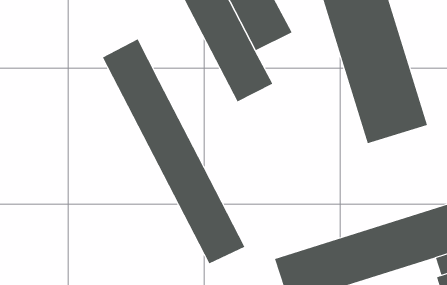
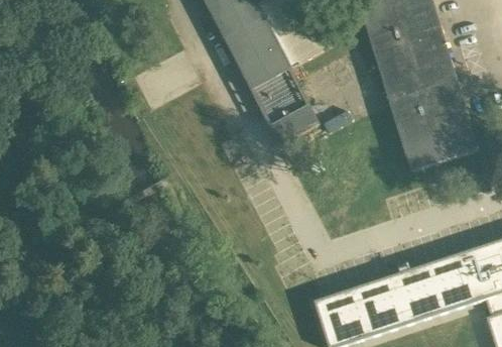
building: [102,38,245,264] -> none
building: none -> [270,108,320,146]

